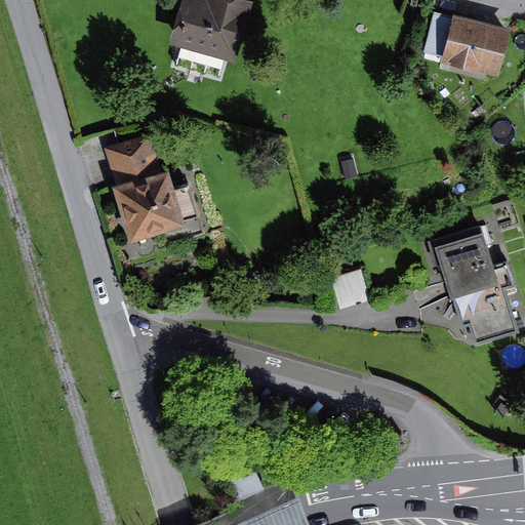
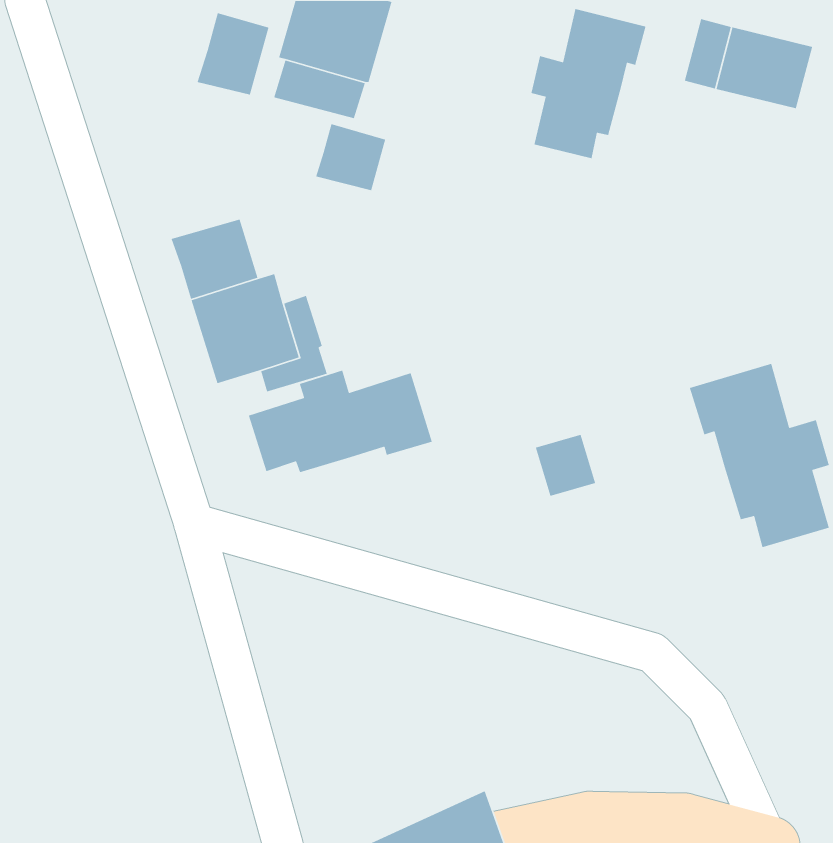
building: none -> [530,8,646,159]
building: none -> [197,12,269,96]
building: none -> [315,123,386,191]
building: none -> [248,369,433,473]

